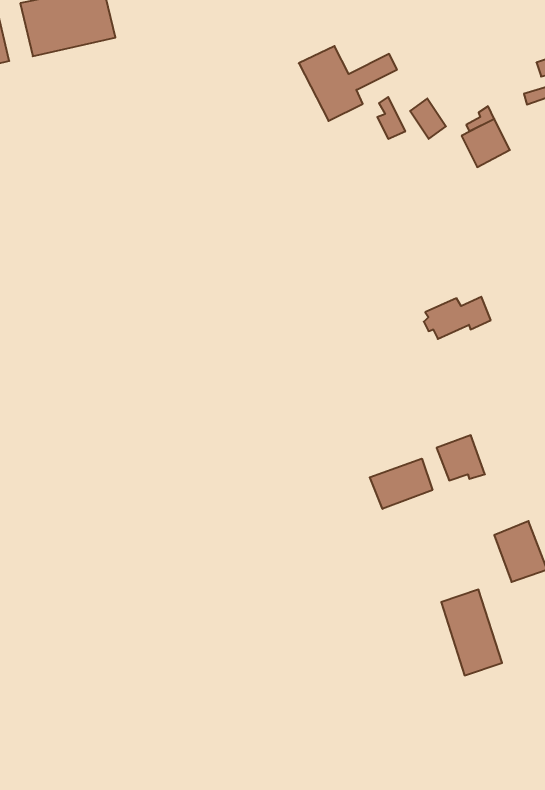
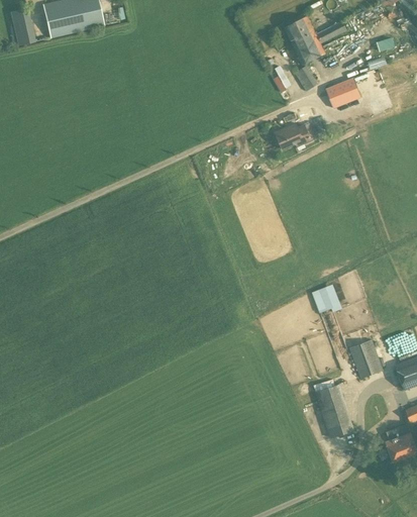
building: [299,46,397,121] -> [283,15,346,64]
building: [424,297,491,339] -> [274,121,317,148]
building: [370,459,432,509] -> none

